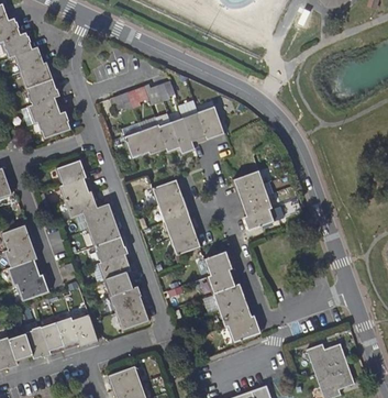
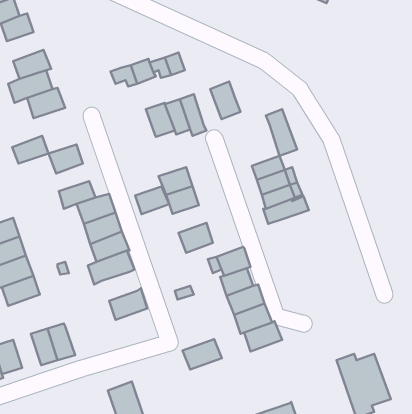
building: [20,62,52,88] -> none
building: [179,103,207,144] -> [266,109,297,156]
building: [121,122,148,157] -> none
building: [59,177,91,201] -> [12,136,49,163]
building: [164,213,193,237] -> [135,187,169,214]
building: [102,272,133,297] -> none
building: [114,303,148,330] -> [183,339,222,369]
building: [70,313,97,346] -> none
building: [25,325,49,358] -> none

